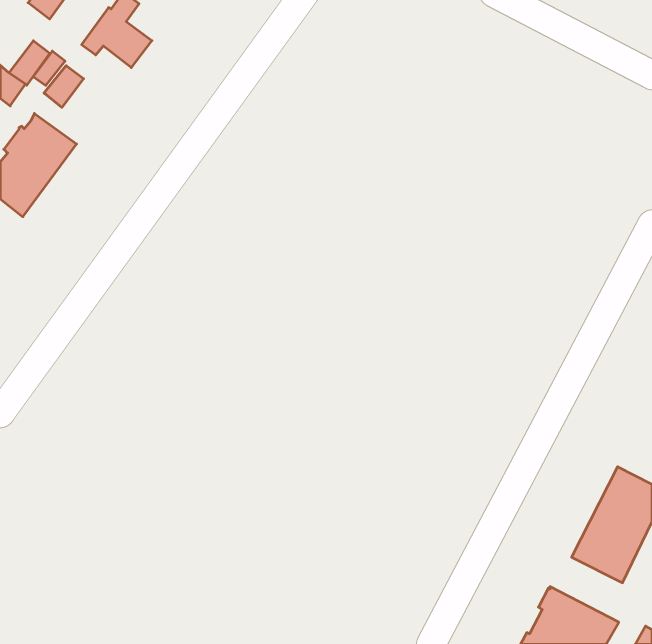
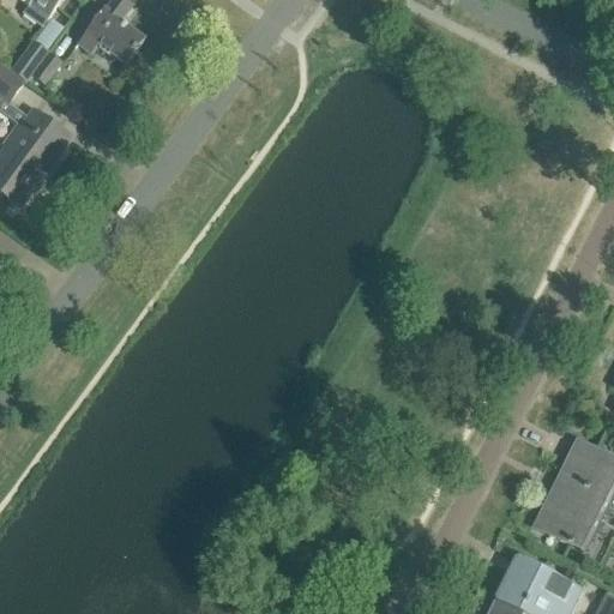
building: [44,66,84,107] -> none

